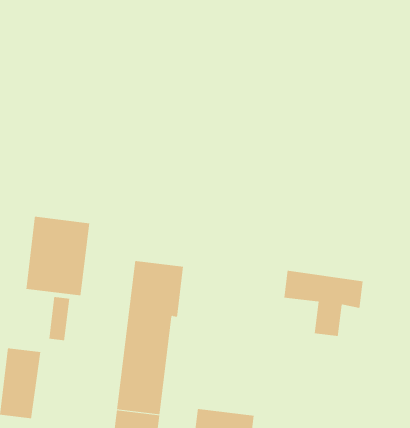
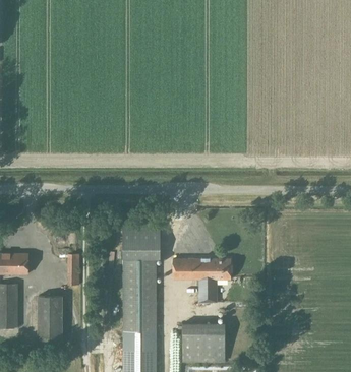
building: [26,216,90,296] -> none
building: [284,270,364,336] -> [173,259,230,303]

